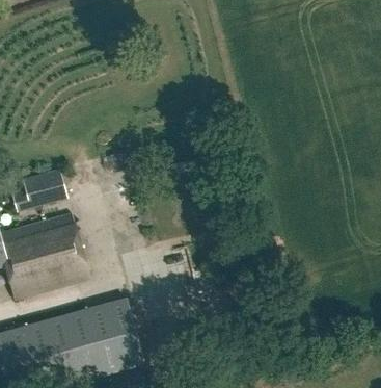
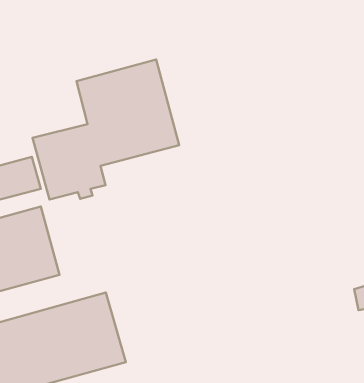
building: none -> [32,60,179,199]

